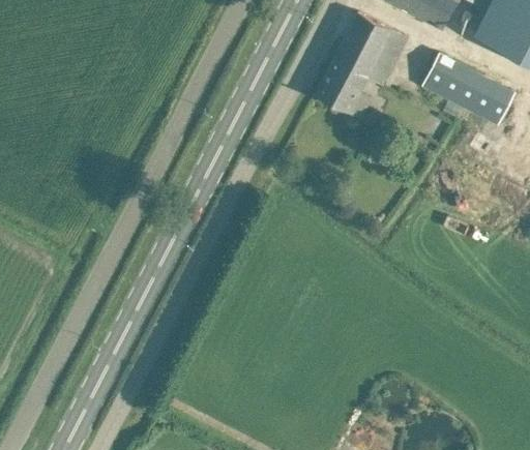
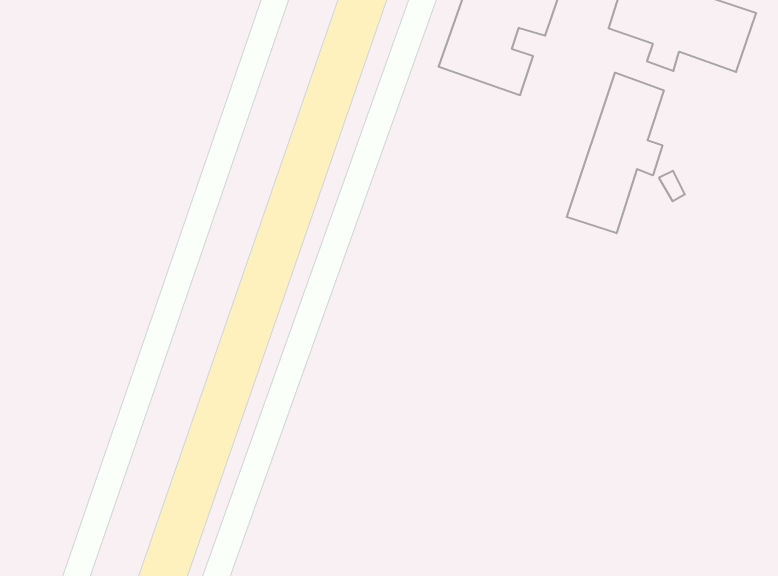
building: none -> [567,73,664,233]

